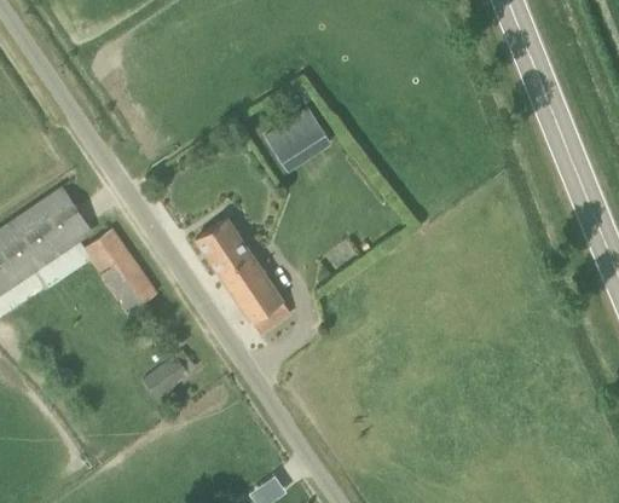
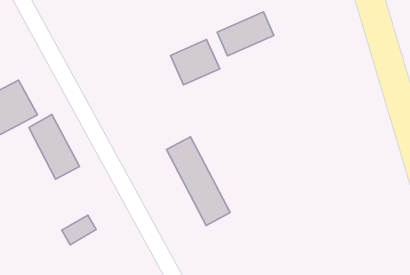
building: none -> [217,12,274,56]
building: [196,219,290,335] -> [167,137,230,225]

